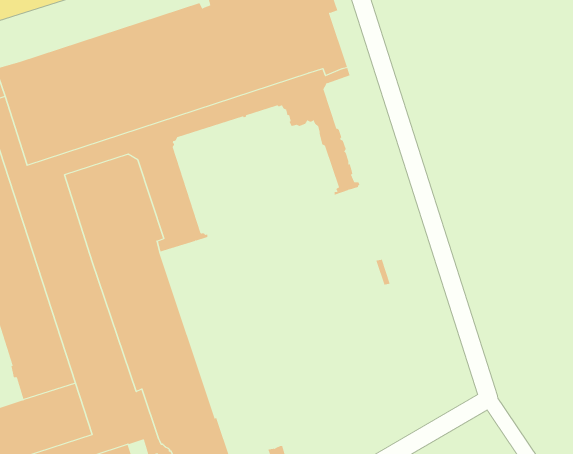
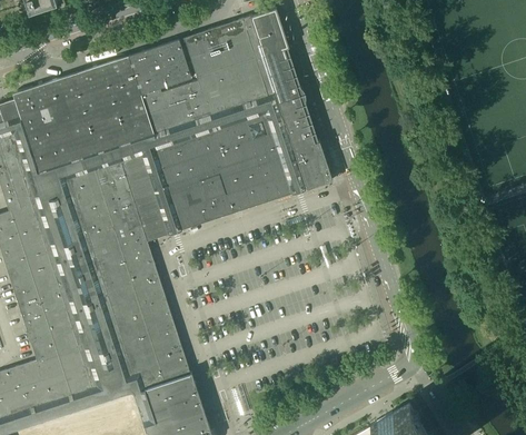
building: none -> [278,99,331,189]
building: none -> [157,123,289,229]

